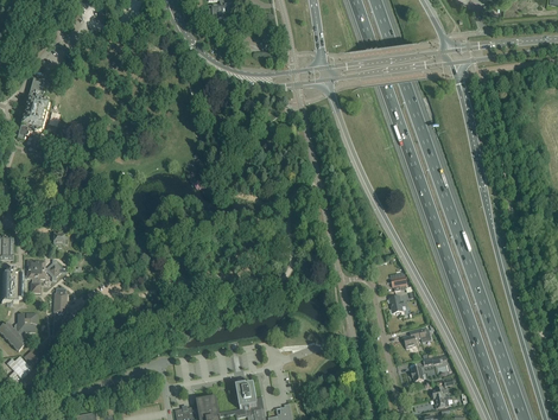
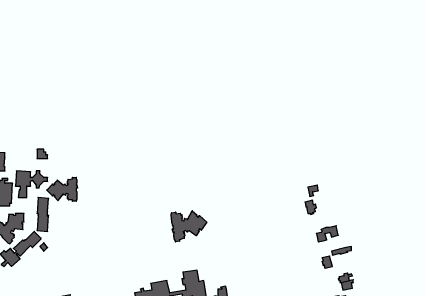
building: [17,78,49,135] -> none
building: none -> [47,177,77,201]
building: none -> [171,211,207,242]

